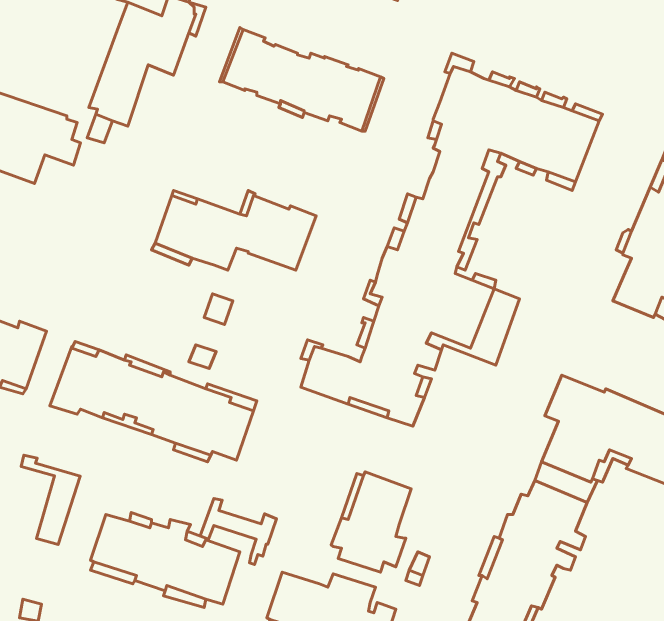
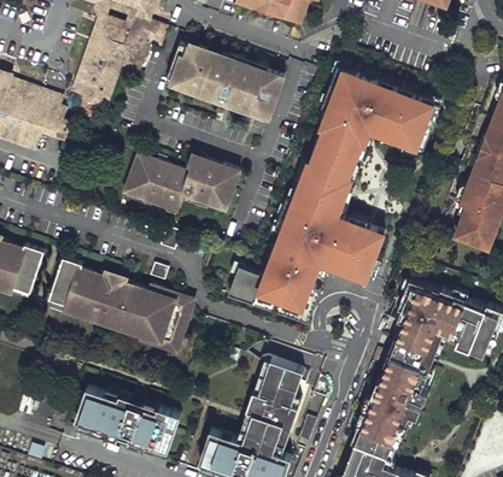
building: [21,455,80,544] -> none
building: [200,499,276,565] -> [240,407,294,454]

